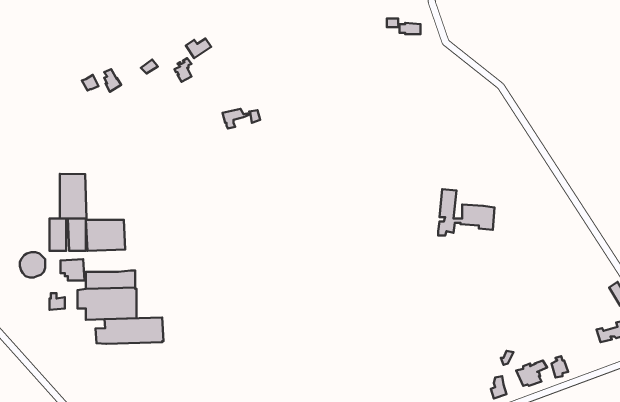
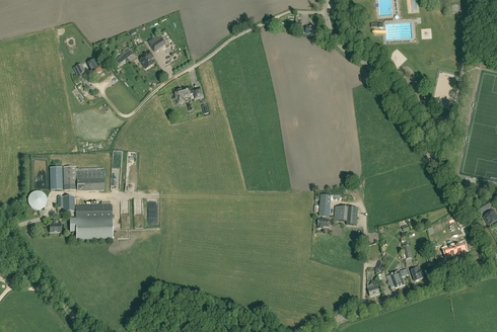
building: [60,174,86,218] -> none
building: [438,189,494,235] -> [317,194,358,228]
building: [96,318,164,344] -> none

